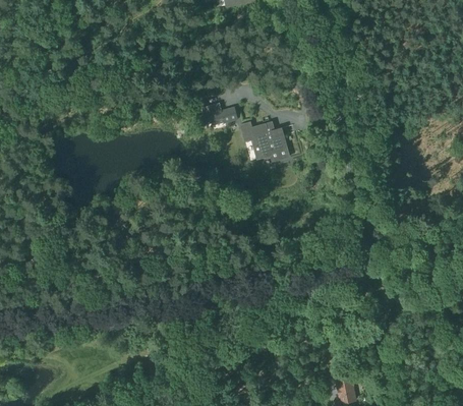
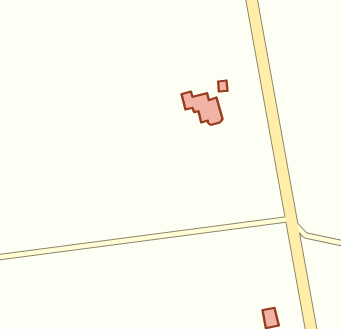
building: [201,103,238,125] -> none

